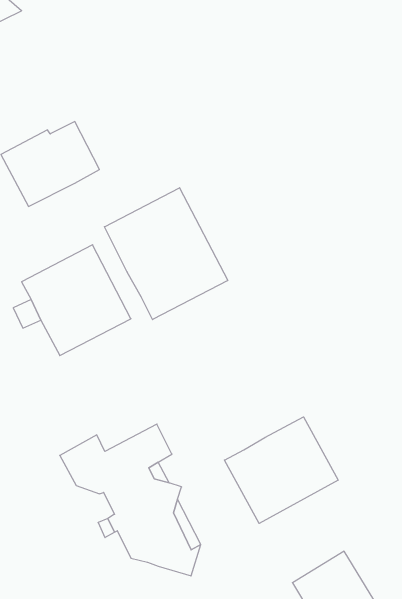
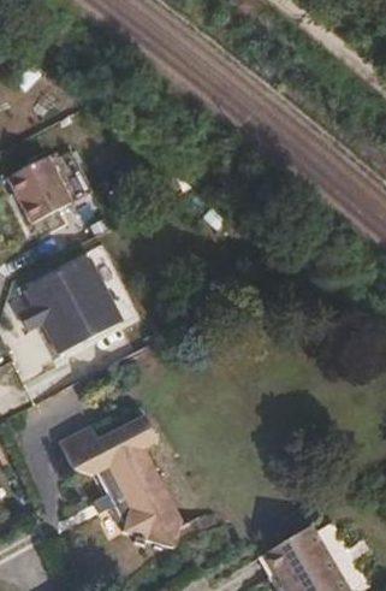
building: [104,188,228,320] -> none
building: [224,417,338,523] -> none

